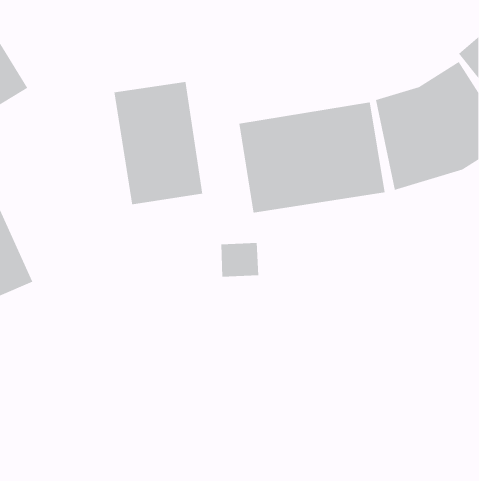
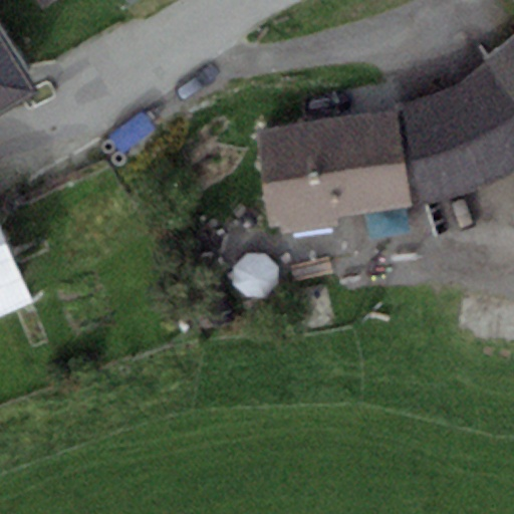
building: [114,81,203,205] -> none

